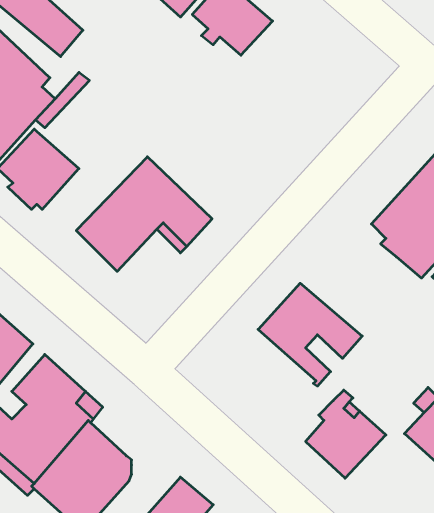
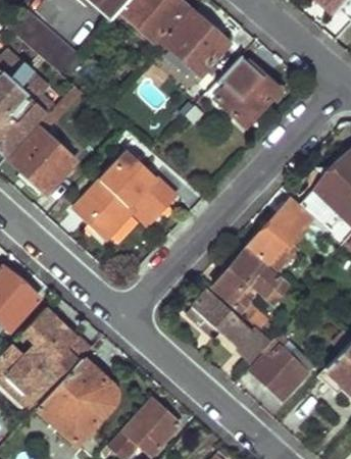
building: none -> [215,64,275,125]
building: none -> [249,196,320,269]
building: none -> [187,287,271,362]

